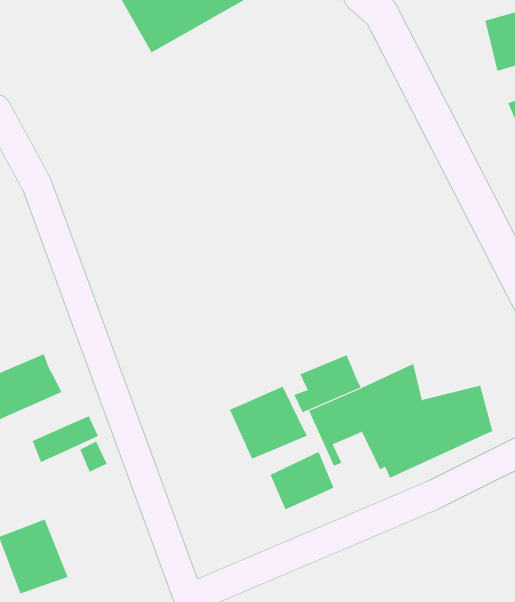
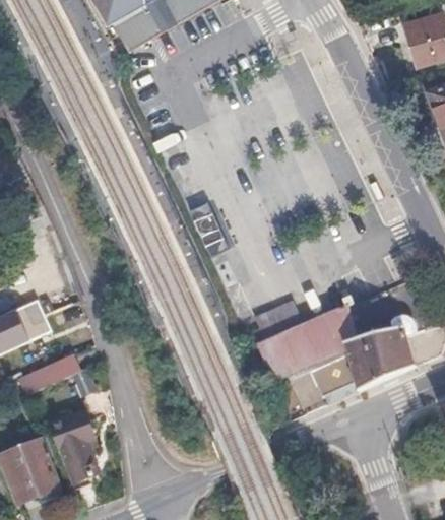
building: [229,386,308,460] -> none
building: [270,451,334,510] -> none
building: none -> [51,417,100,490]

